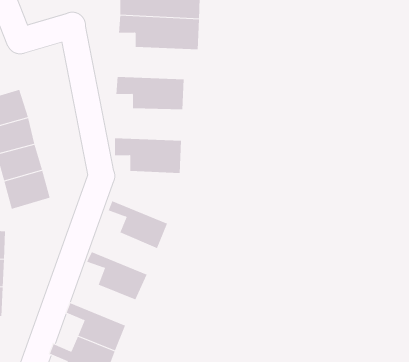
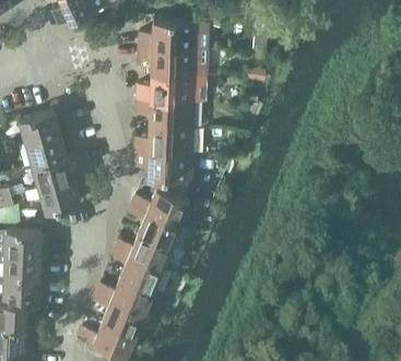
building: none -> [137,73,207,101]
building: none -> [134,125,193,153]
building: none -> [132,186,190,224]
building: none -> [115,231,172,267]
building: none -> [96,276,153,311]

